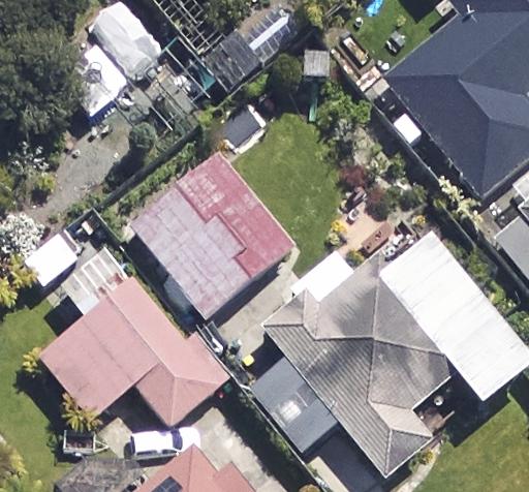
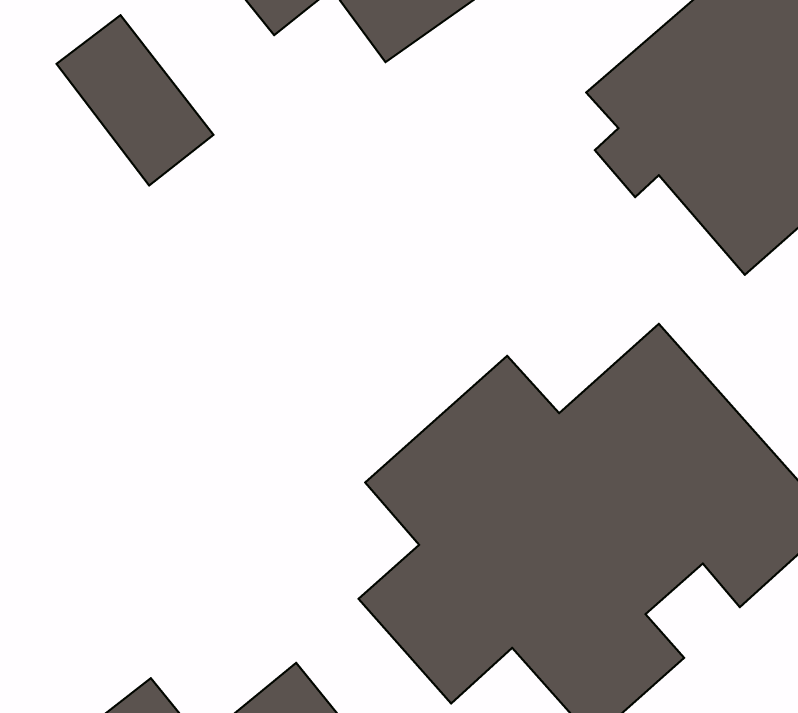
building: [129,149,294,314] -> none
building: [37,247,229,426] -> none

